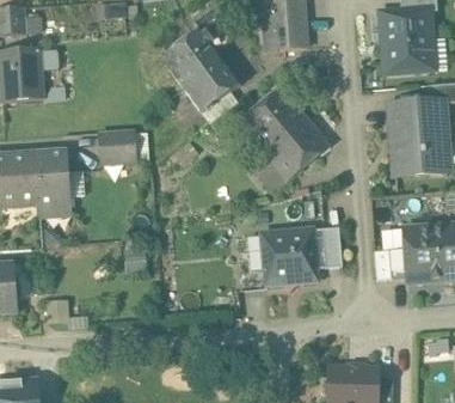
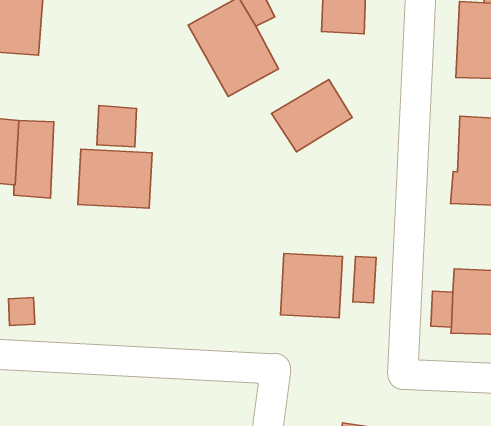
building: [264,116,331,181] -> none
building: none -> [78,149,152,208]

